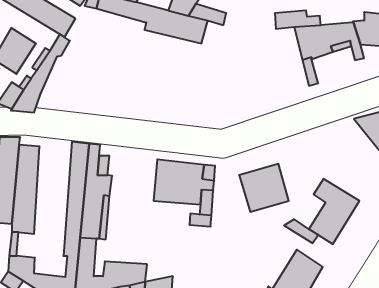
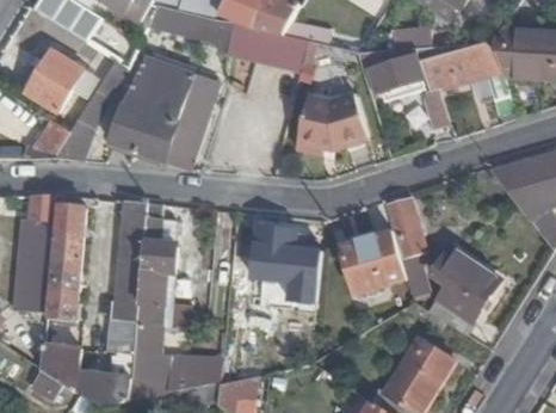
building: none -> [354,49,421,94]
building: none -> [105,55,212,171]
building: none -> [288,97,369,159]
building: none -> [387,196,431,292]

